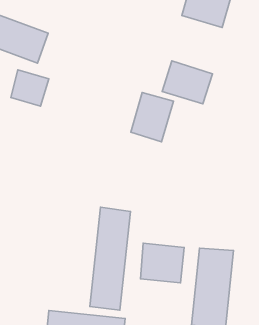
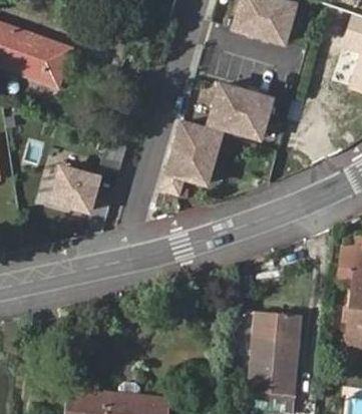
building: [11,70,49,106] -> [50,163,97,209]
building: [90,207,130,310] -> none
building: [140,243,184,283] -> none

